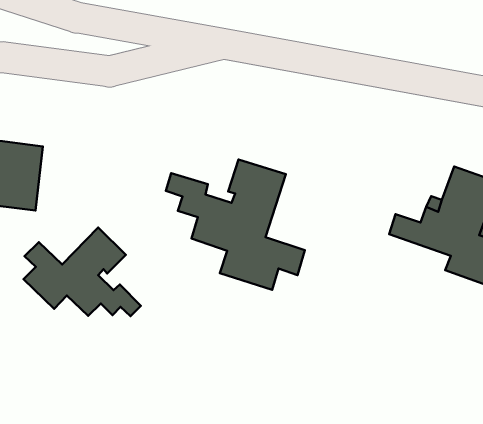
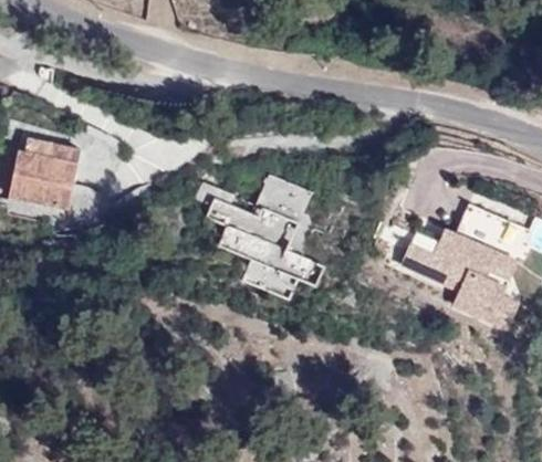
building: [24,227,141,316] -> none

